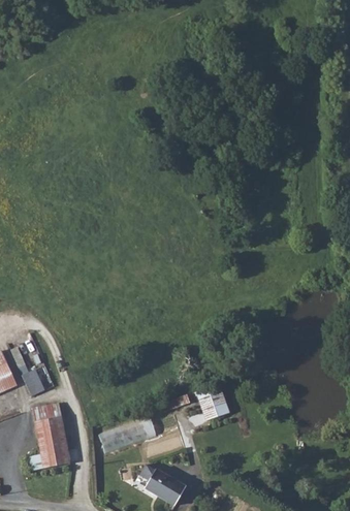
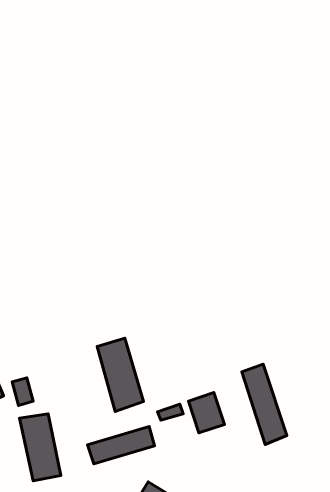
building: none -> [97,338,143,412]
building: none -> [242,364,287,445]

